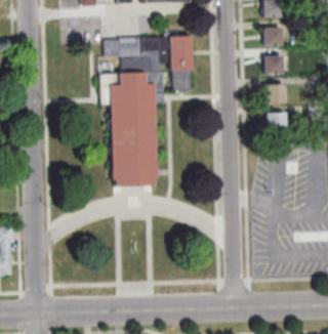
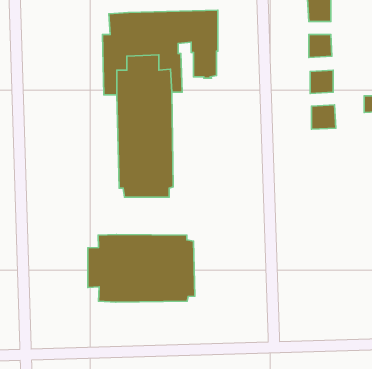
building: none -> [88,234,195,302]

